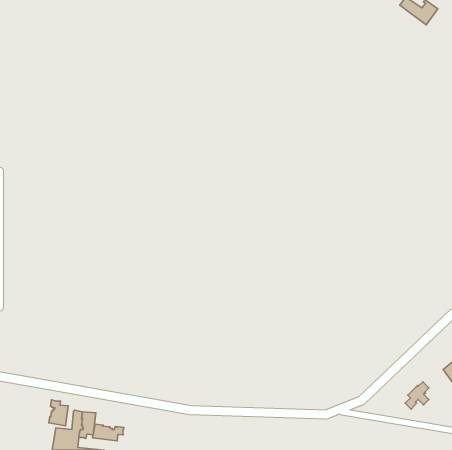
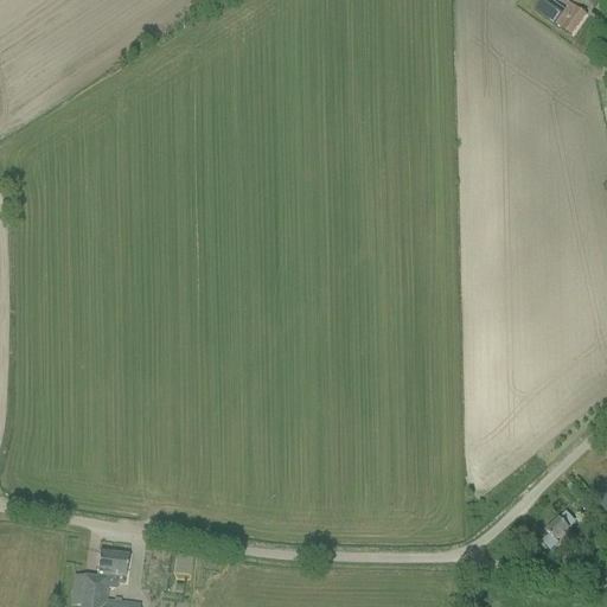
building: [49,400,68,426] -> none
building: [93,424,124,441] -> none

